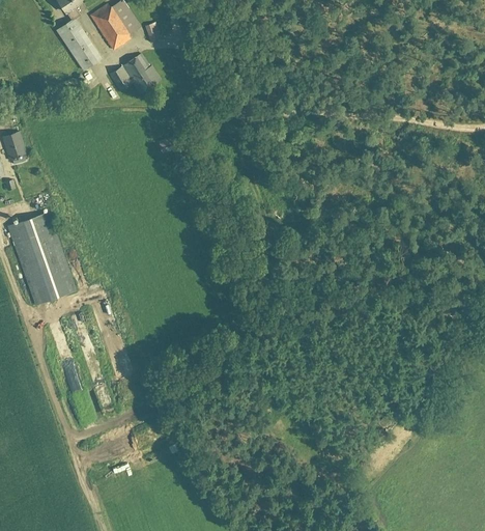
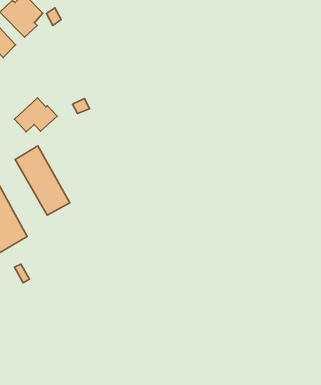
building: [109,53,161,93] -> [14,98,57,132]
building: none -> [15,146,70,215]

